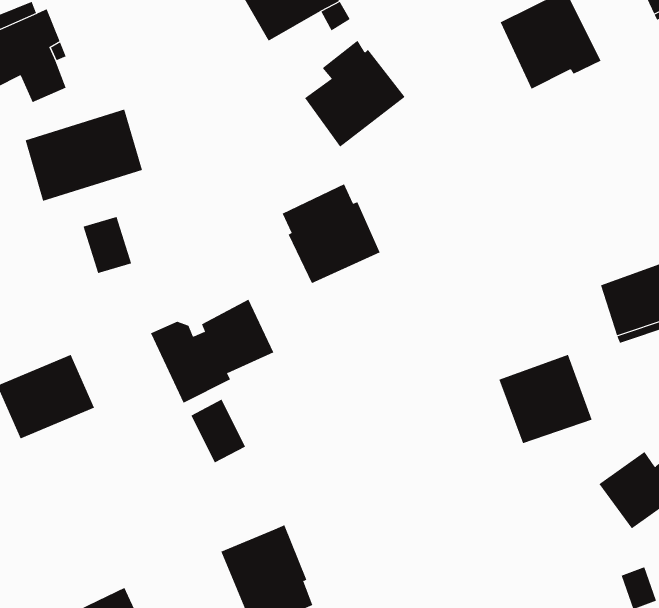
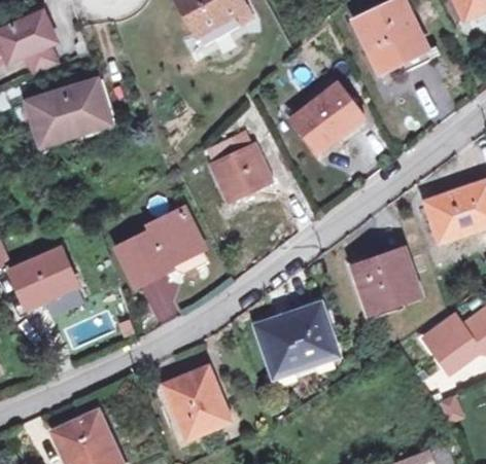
building: [304,40,406,148] -> [293,77,363,151]
building: [83,216,132,274] -> none
building: none -> [257,306,337,378]

